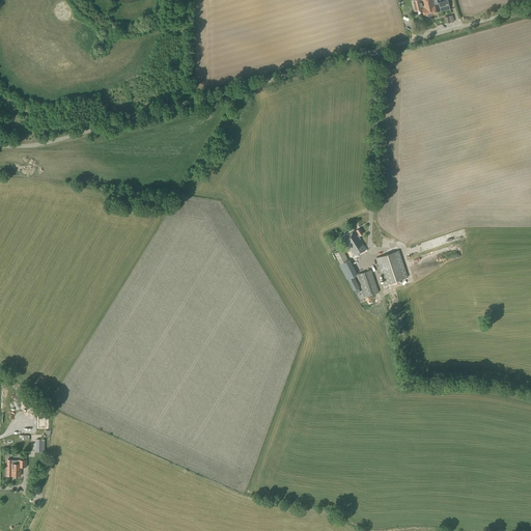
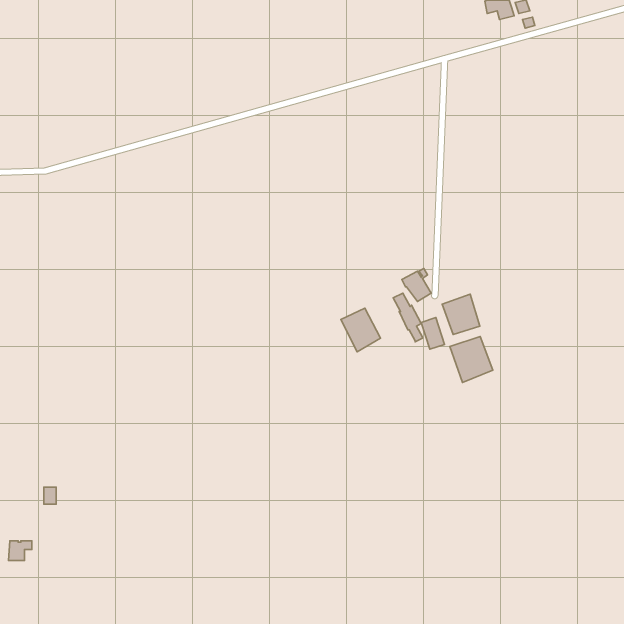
building: none -> [341,308,381,352]
building: none -> [450,336,493,382]

